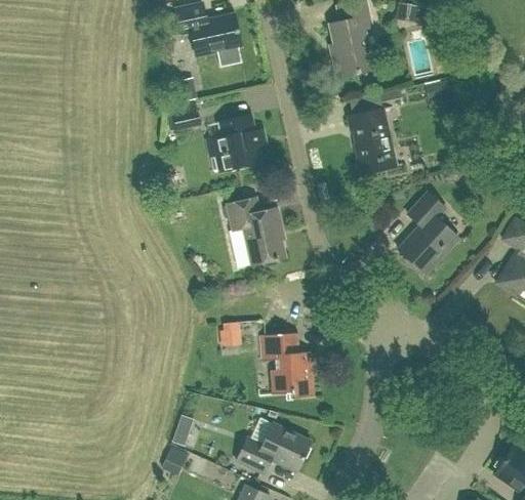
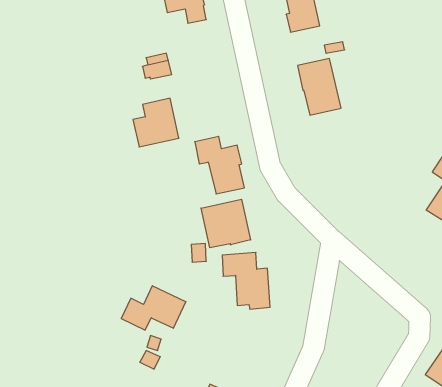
building: [207,115,260,171] -> [133,98,179,147]
building: [398,192,459,275] -> none
building: none -> [201,199,251,248]
building: [236,422,311,473] -> [121,286,186,330]

